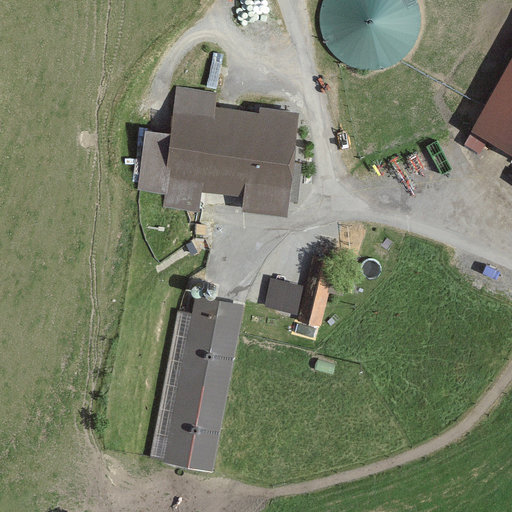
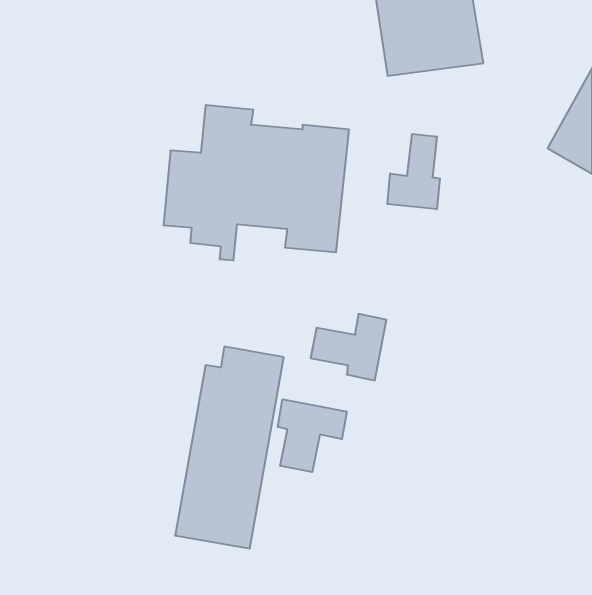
building: none -> [387,134,440,209]
building: none -> [278,399,347,472]

